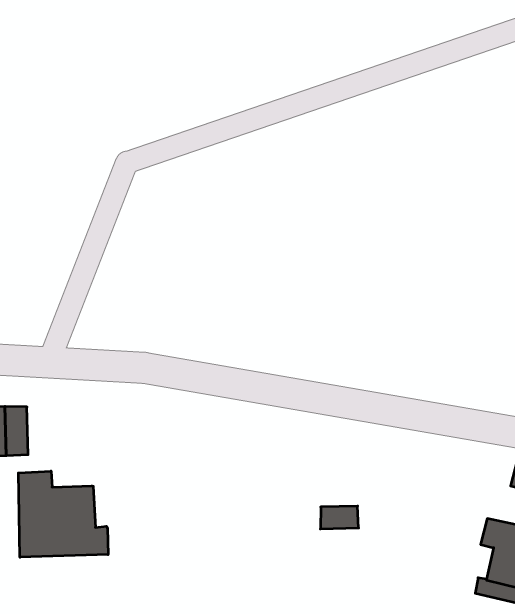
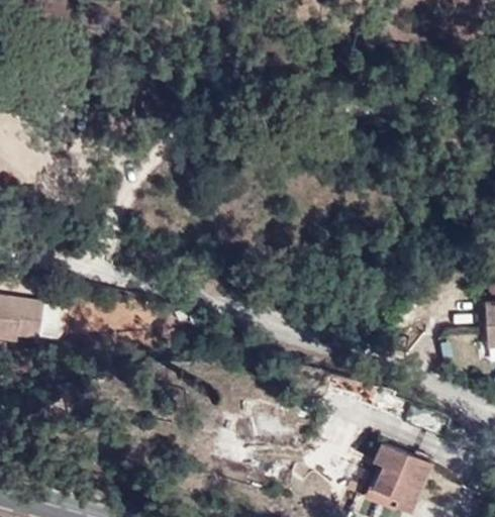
building: [18,471,108,557] -> none

